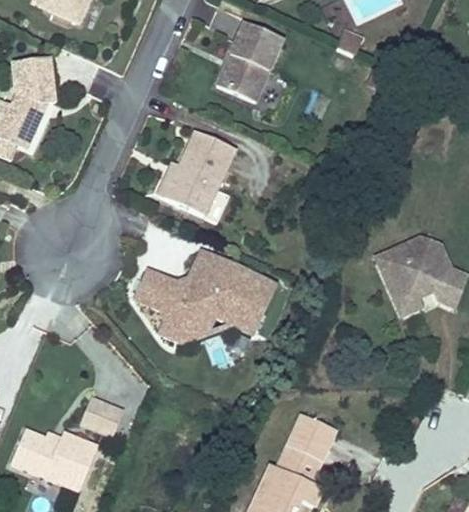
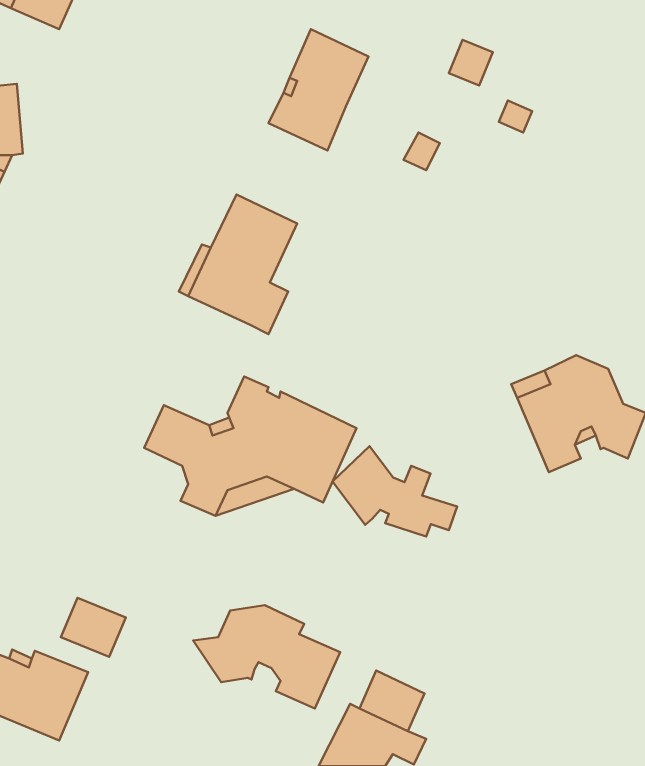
building: none -> [332,446,457,537]
building: none -> [193,605,340,709]
building: [287,415,333,459] -> none

